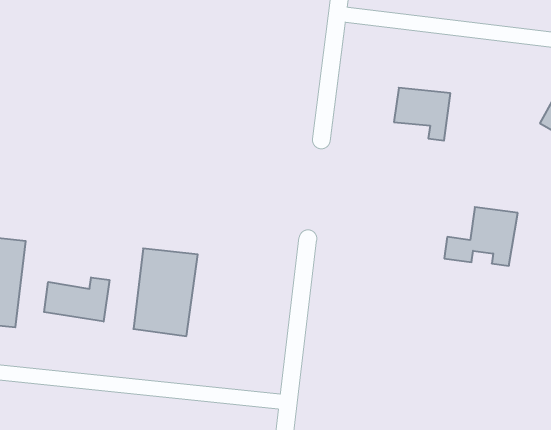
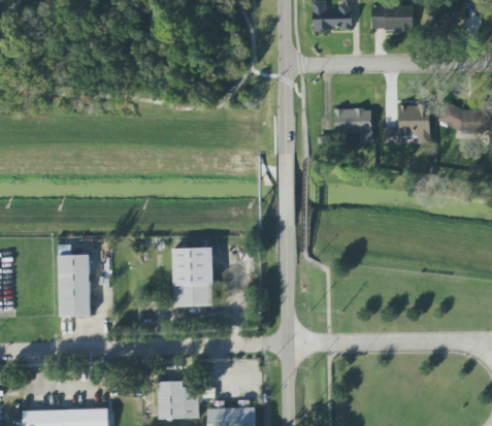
building: [444,207,518,266] -> [385,104,432,143]
building: [44,277,109,322] -> none

